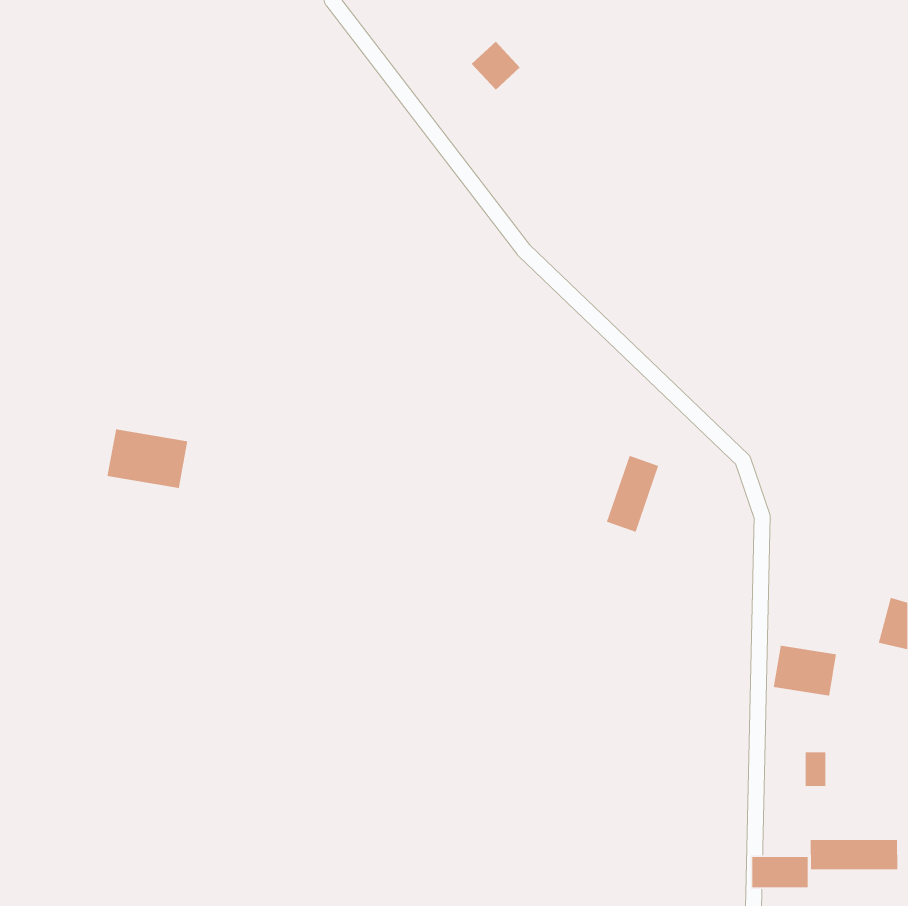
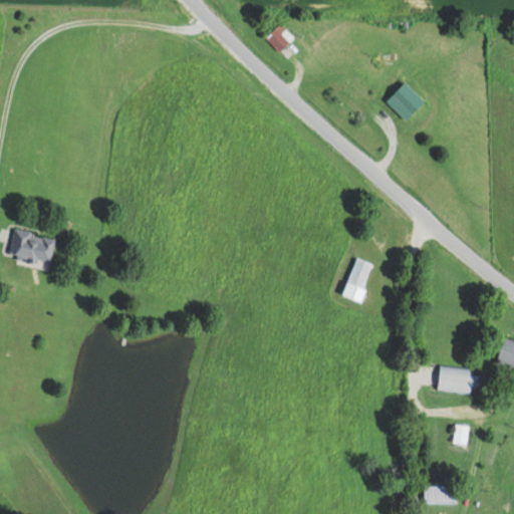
building: none -> [387,82,425,120]
building: [107,428,188,489] -> [8,231,54,265]
building: [810,839,898,870] -> none

